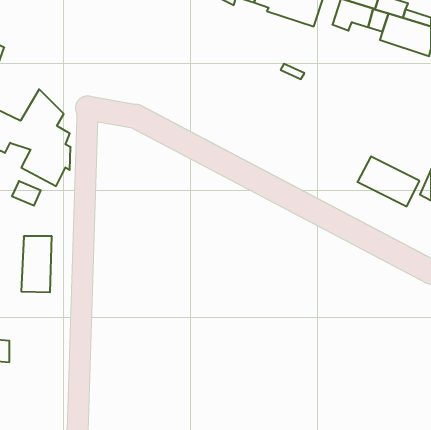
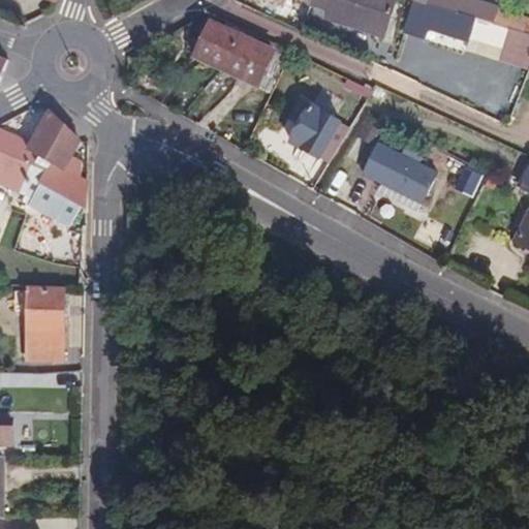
building: none -> [190,20,270,83]
building: none -> [288,103,347,161]
building: [357,156,419,206] -> [362,143,437,204]

